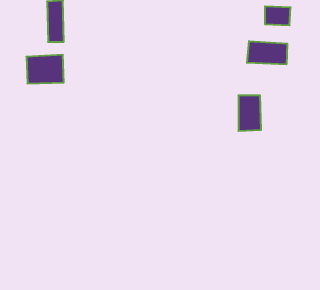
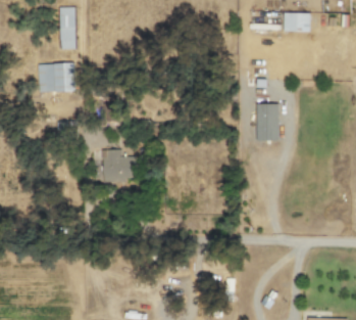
building: [247,41,287,64] -> none
building: none -> [103,150,137,181]

